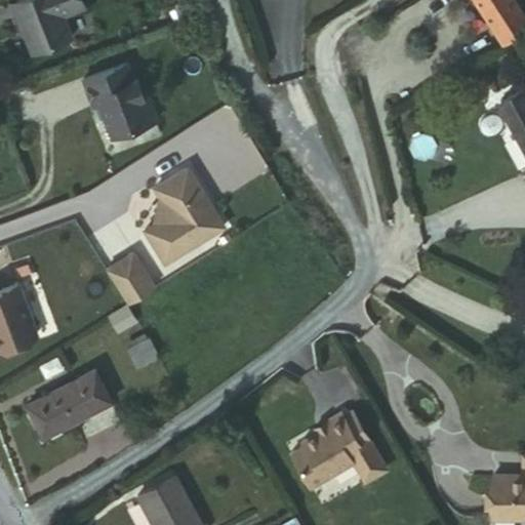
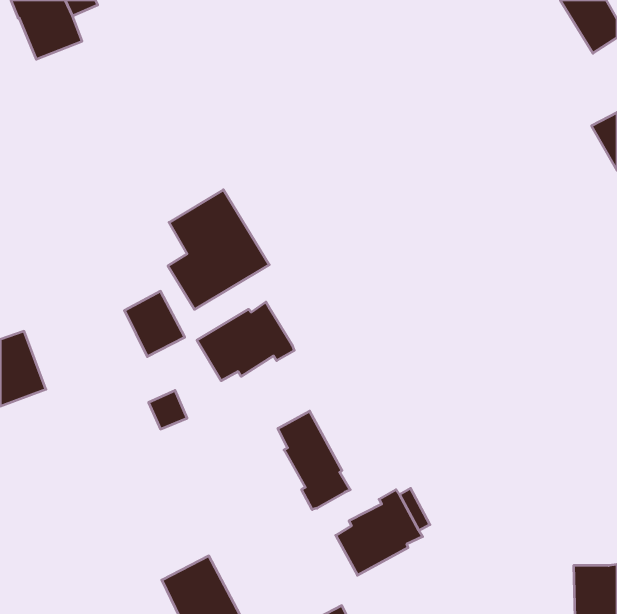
building: [82,62,154,137] -> none
building: none -> [197,302,294,381]
building: none -> [278,411,350,510]
building: [25,373,113,441] -> none

